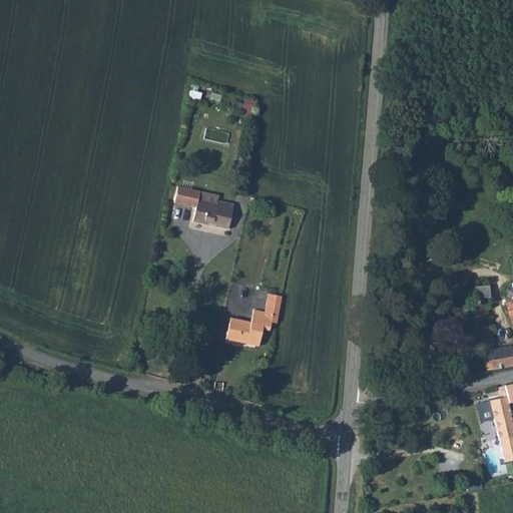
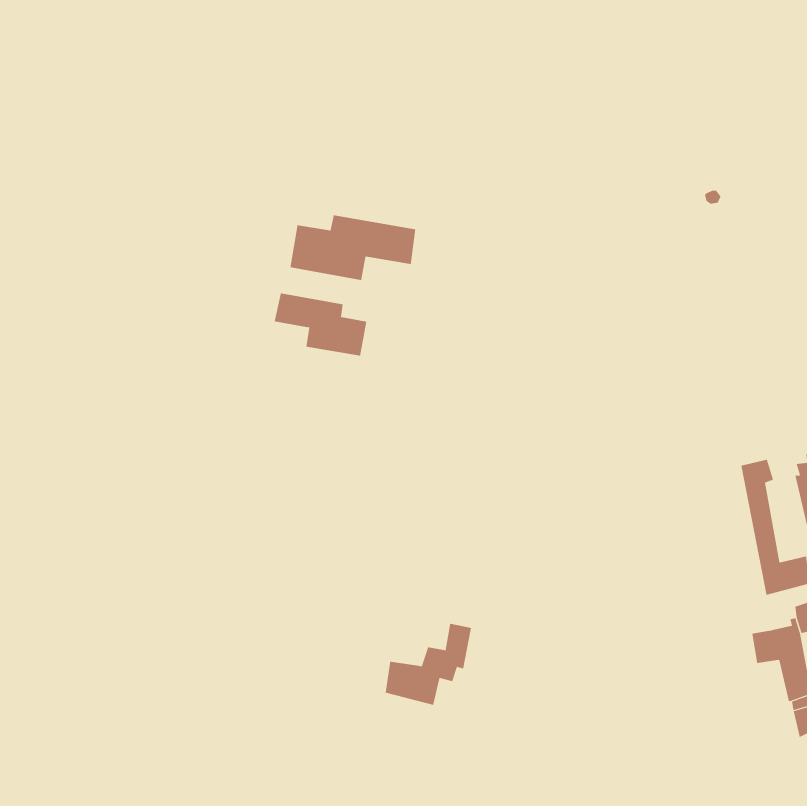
building: none -> [290,214,416,281]
building: [227,293,283,345] -> [385,623,472,705]

